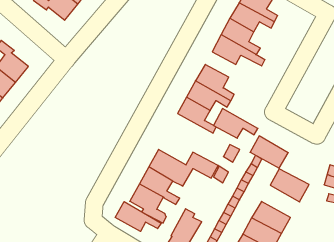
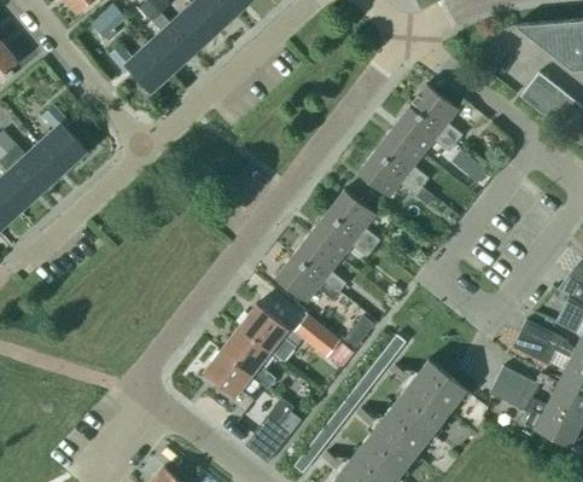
building: [214,109,258,138] -> [276,255,340,302]
building: [250,136,288,168] -> [395,382,450,434]
building: [115,202,161,231] -> none

